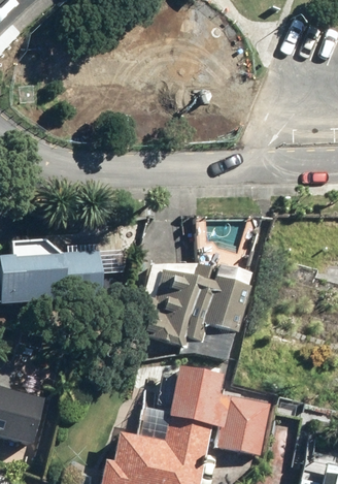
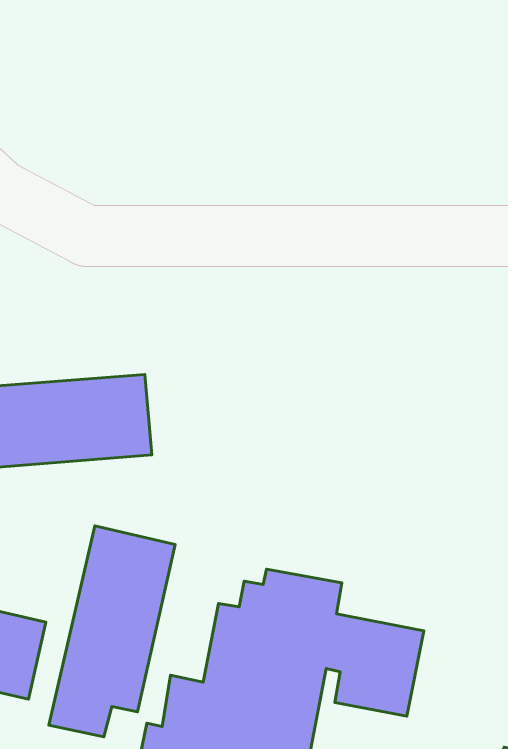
building: [133,262,256,346] -> none
building: none -> [49,526,175,737]

